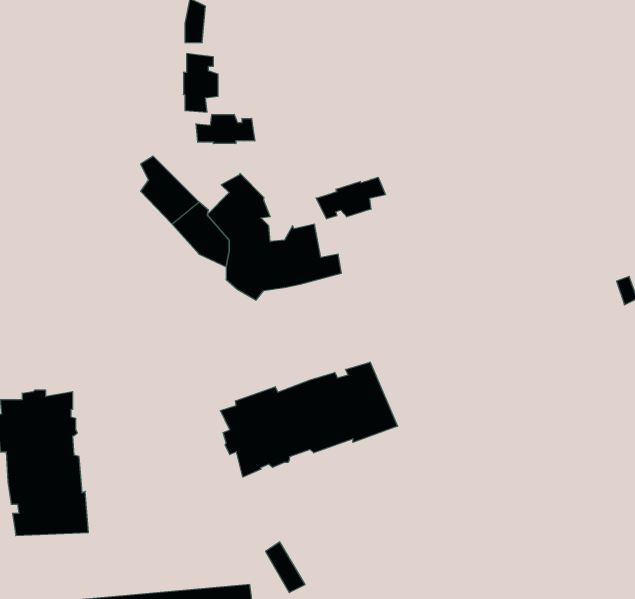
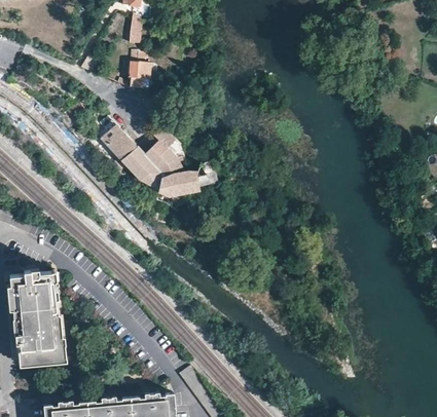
building: [196,114,255,144] -> none
building: [316,177,385,219] -> none
building: [220,362,398,477] -> none

